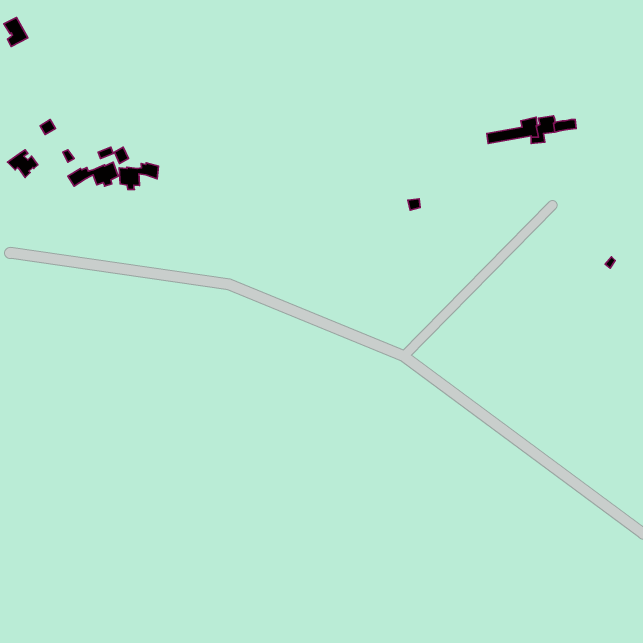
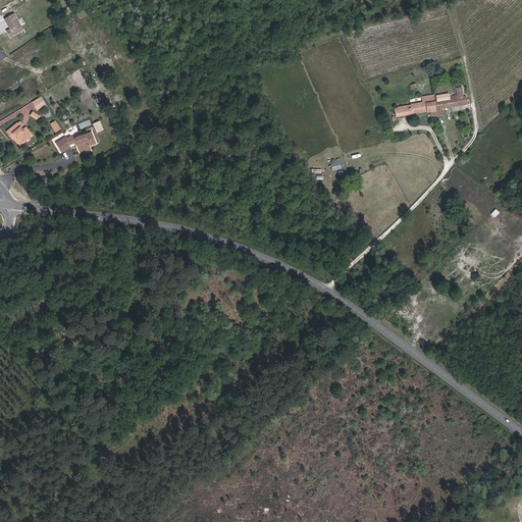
building: [119,163,158,190] -> none

